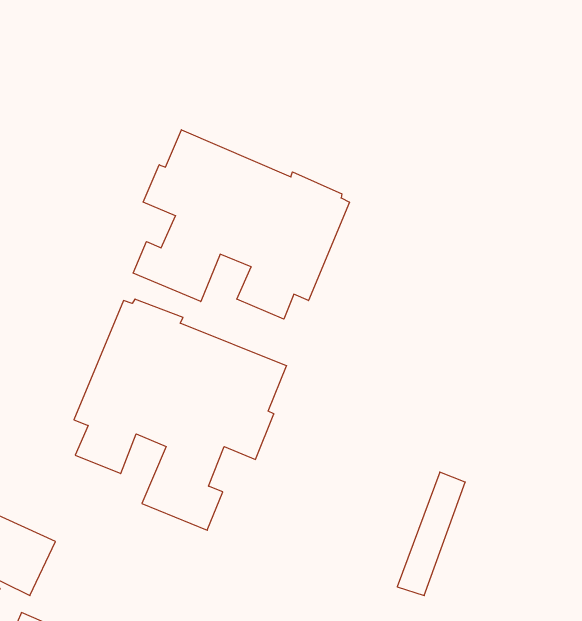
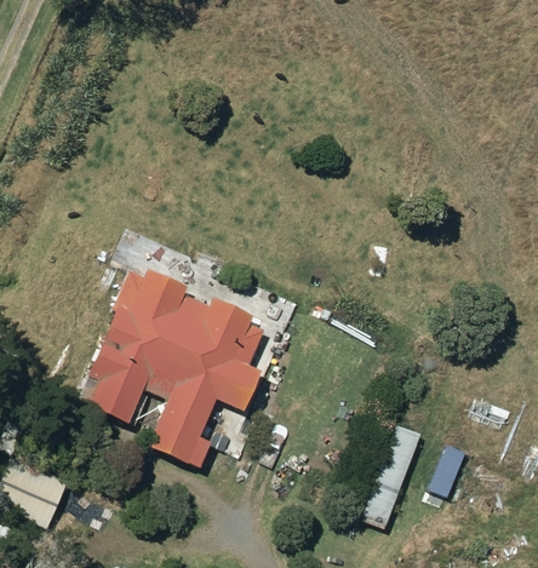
building: [133,130,349,319] -> none

